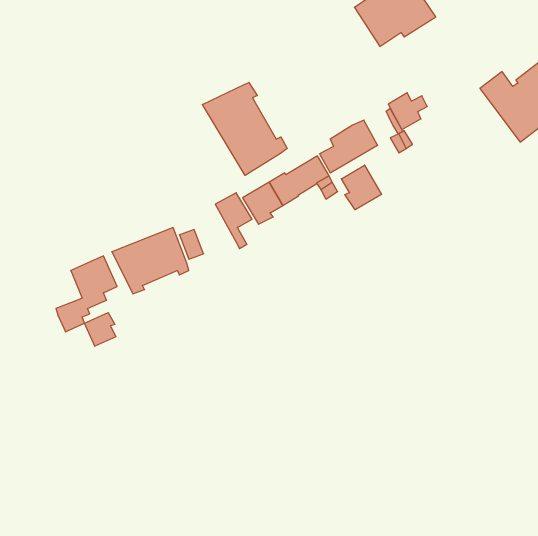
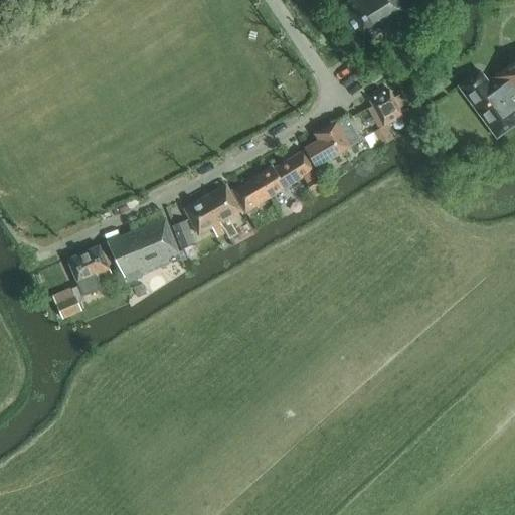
building: [202,82,287,175] -> none
building: [341,165,382,210] -> none
building: none -> [184,195,226,235]
building: [84,313,116,346] -> none

